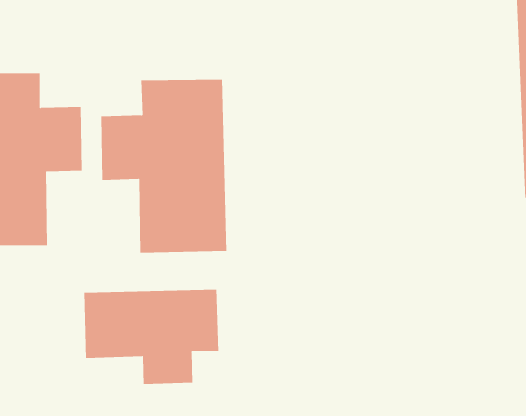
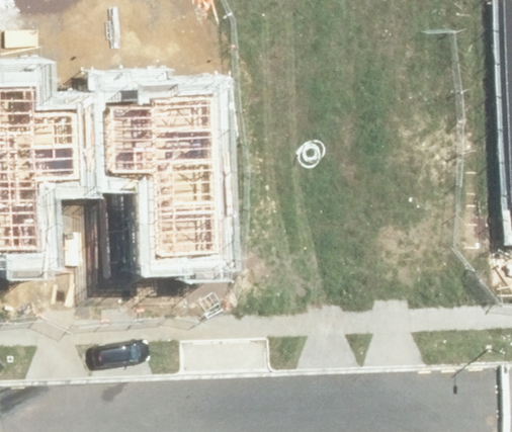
building: [84,289,219,385] -> none

